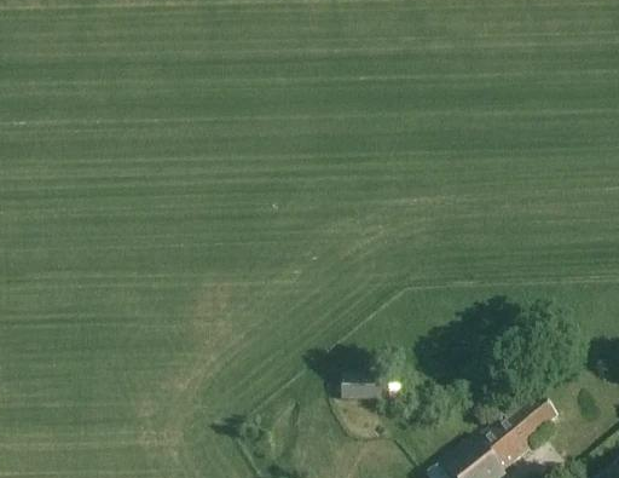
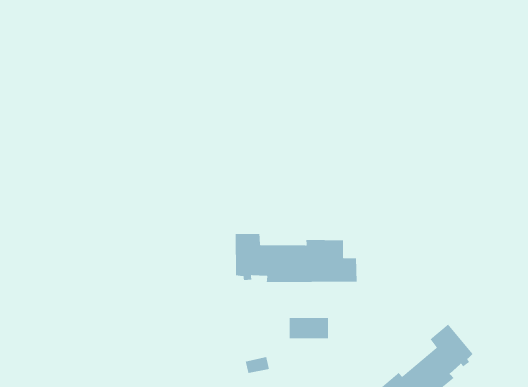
building: none -> [235,233,358,283]

